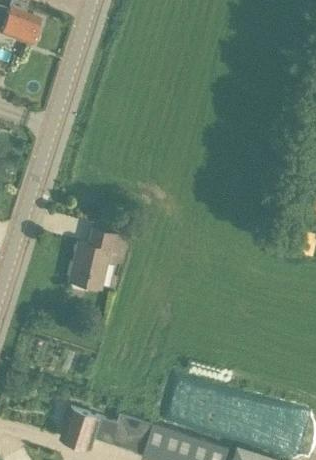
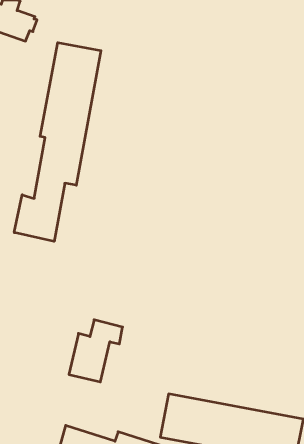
building: none -> [14,43,101,241]
building: [70,230,121,289] -> [69,320,123,382]

